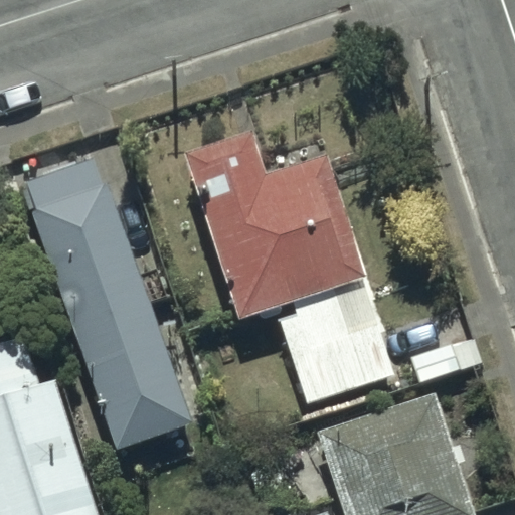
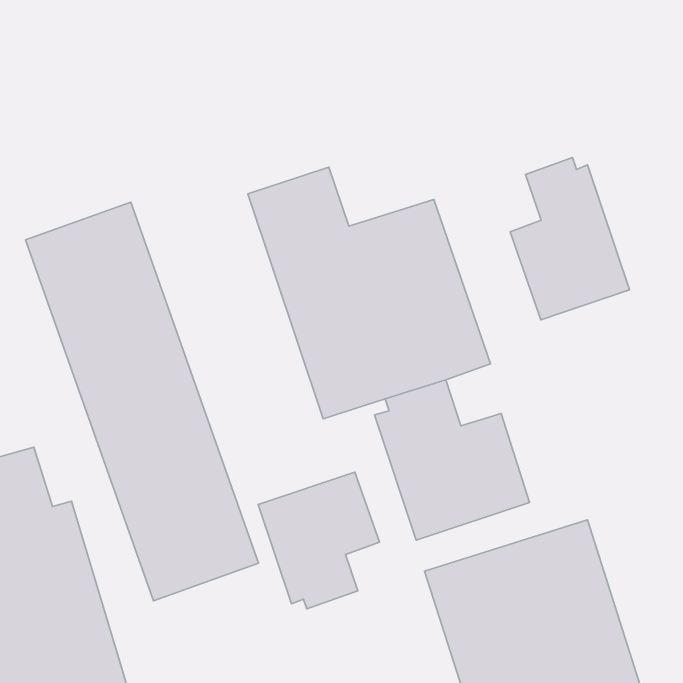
building: none -> [510,158,629,320]
building: none -> [258,472,379,609]

